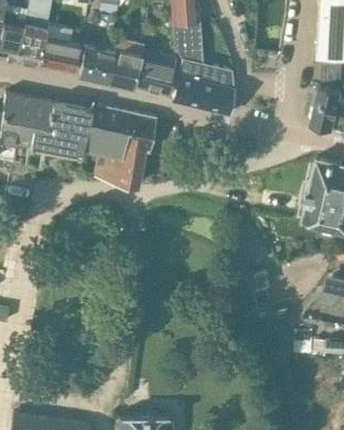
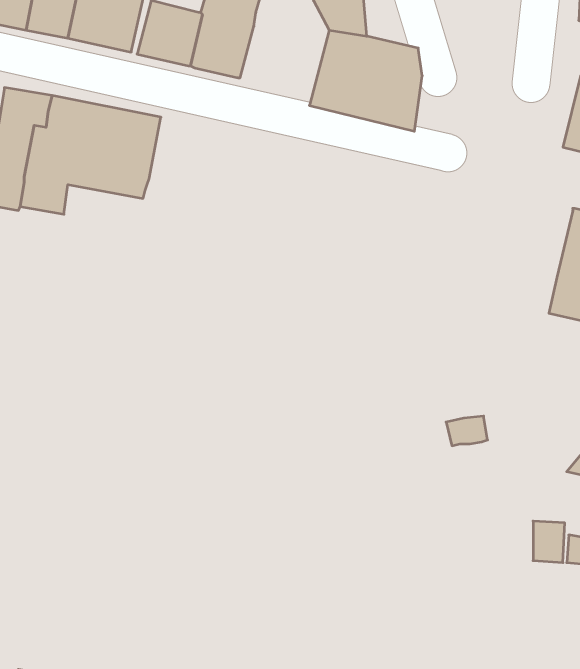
building: [132,51,176,96] -> none
building: [81,103,155,187] -> none

